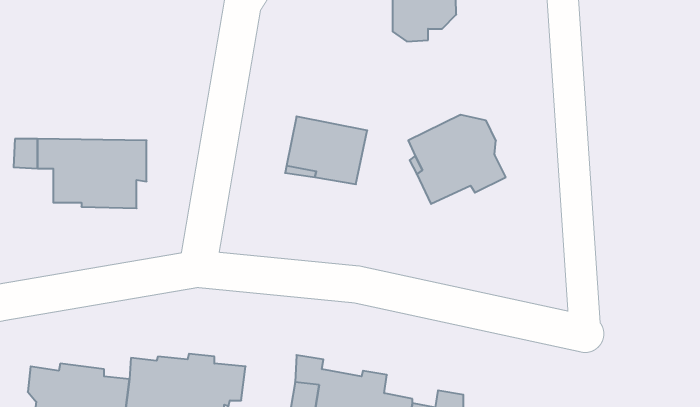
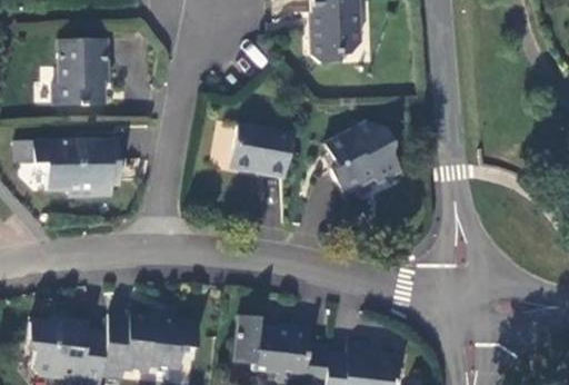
building: none -> [52,40,107,107]

